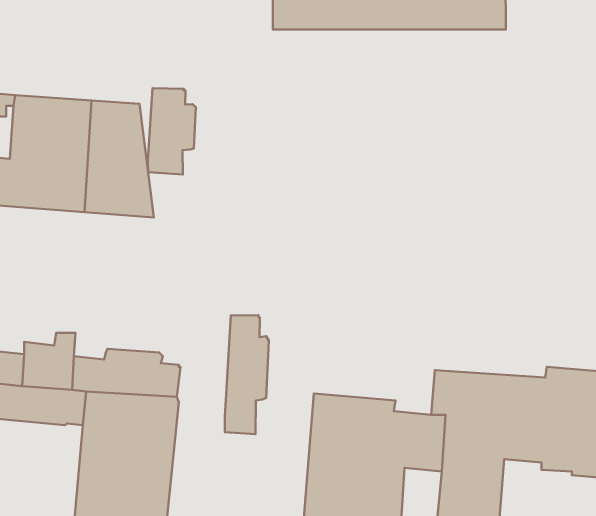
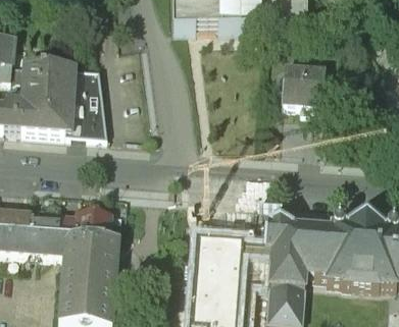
building: [148,88,196,174] -> none
building: none -> [276,64,325,110]
building: [225,315,269,434] -> none

